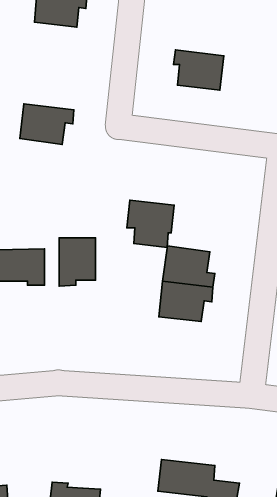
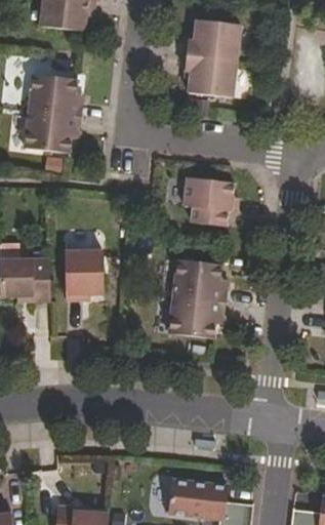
building: none -> [187,19,241,60]
building: none -> [29,74,83,117]
building: [127,200,174,247] -> [185,176,234,226]

